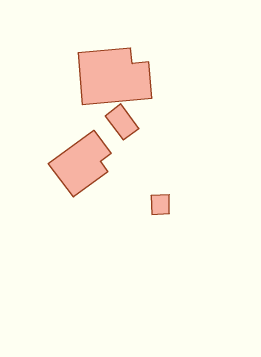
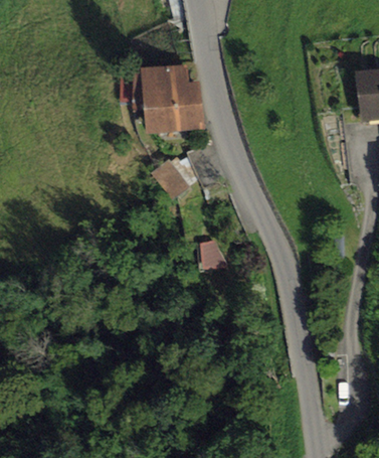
building: [48,130,111,197] -> none

